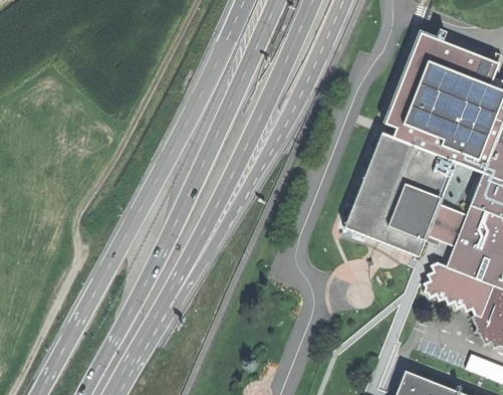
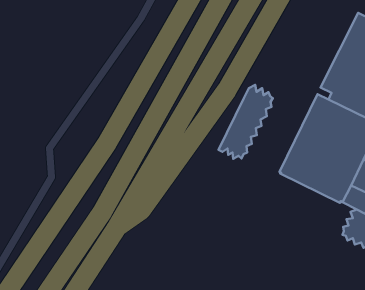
building: none -> [219,85,273,159]

